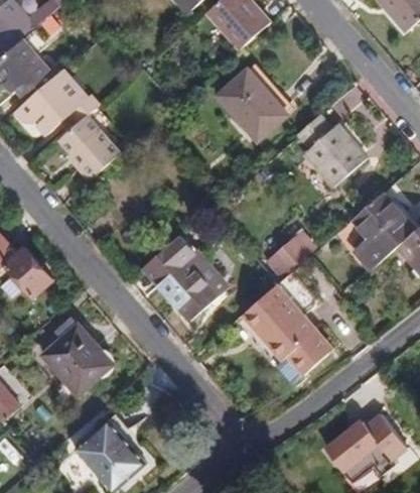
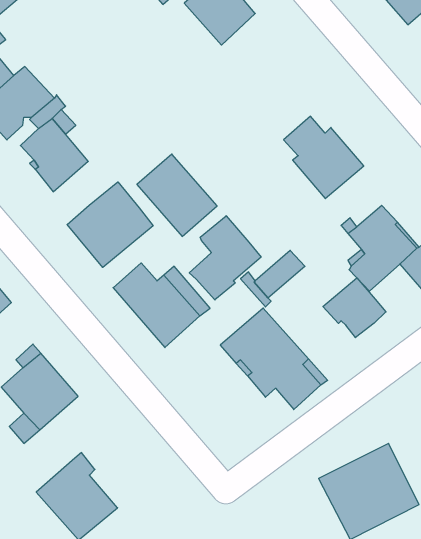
building: [216,68,287,141] -> [137,154,217,236]
building: none -> [67,182,153,267]
building: none -> [189,216,261,300]
building: none -> [323,278,386,338]

